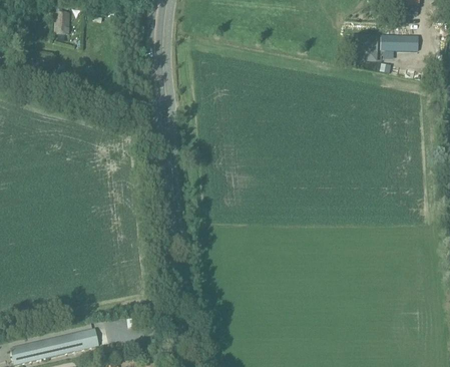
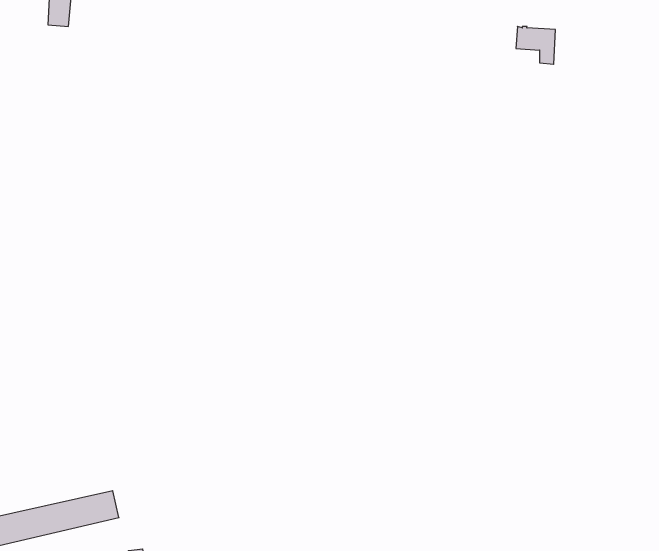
building: [381,34,418,50] -> none

